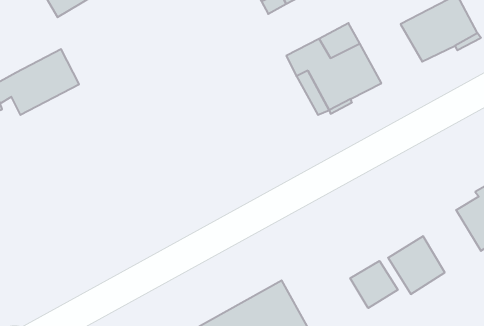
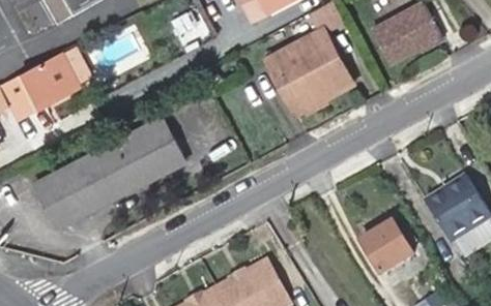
building: none -> [34,117,184,226]
building: [350,261,398,308] -> none

